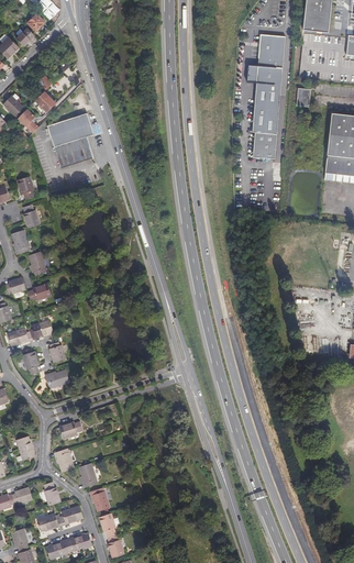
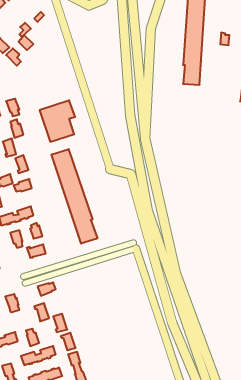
building: [46,112,93,167] -> [40,100,75,142]
building: none -> [52,149,97,244]

